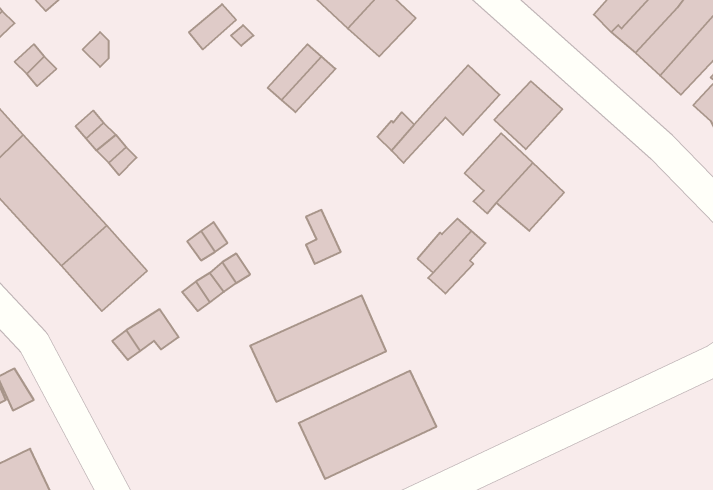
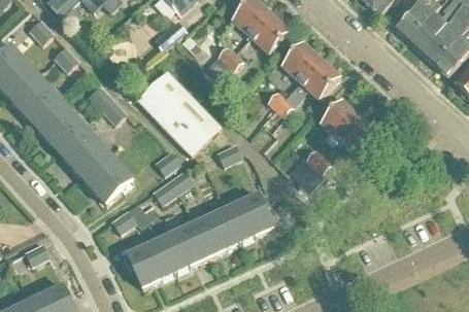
building: [494,81,562,149] -> [281,42,322,82]
building: none -> [137,72,221,155]
building: [299,371,436,479] -> [127,224,208,288]

